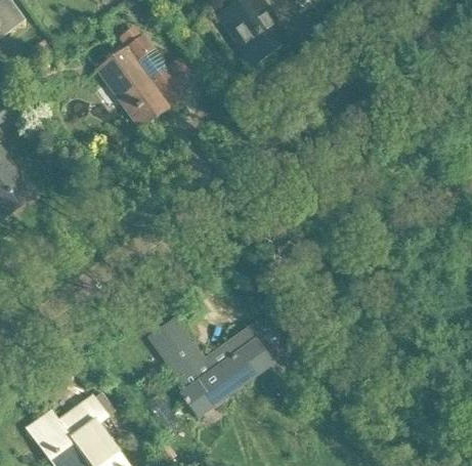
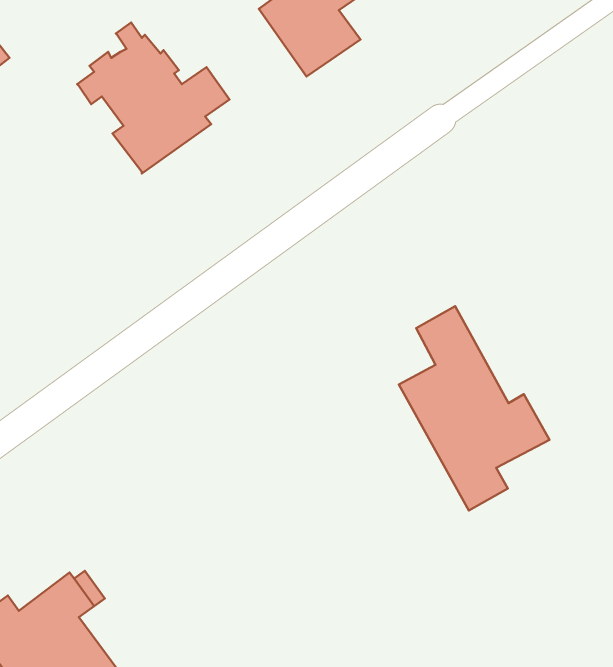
building: none -> [399,306,550,510]
building: [148,315,296,416] -> none

